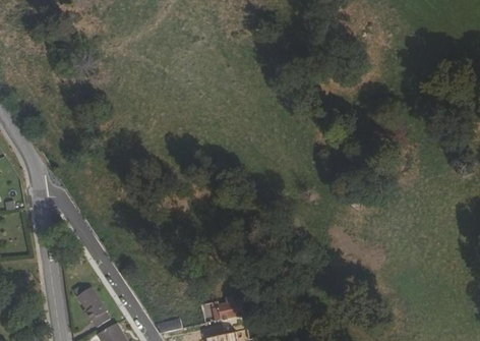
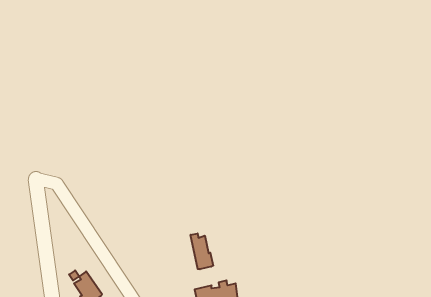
building: none -> [191,233,213,269]

